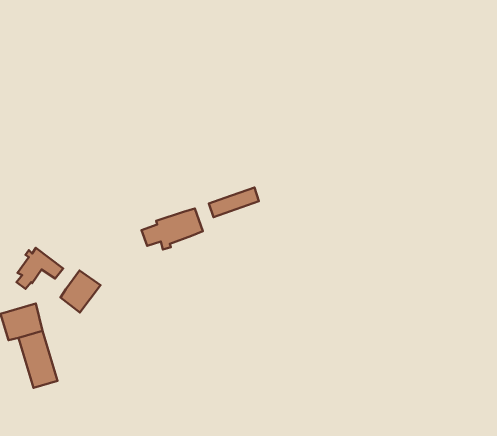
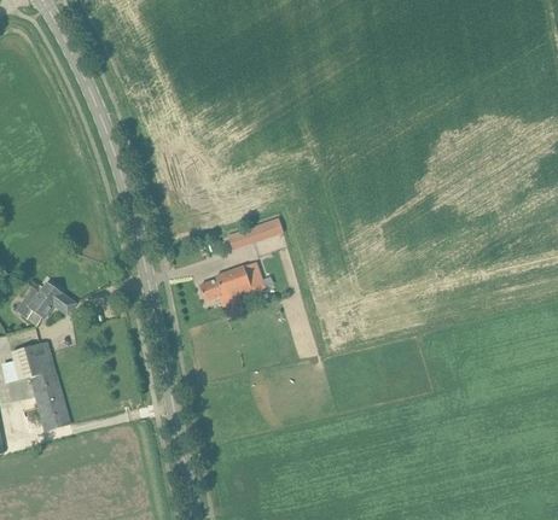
building: [141,208,203,249] -> [199,262,265,305]
building: [60,271,101,312] -> none

